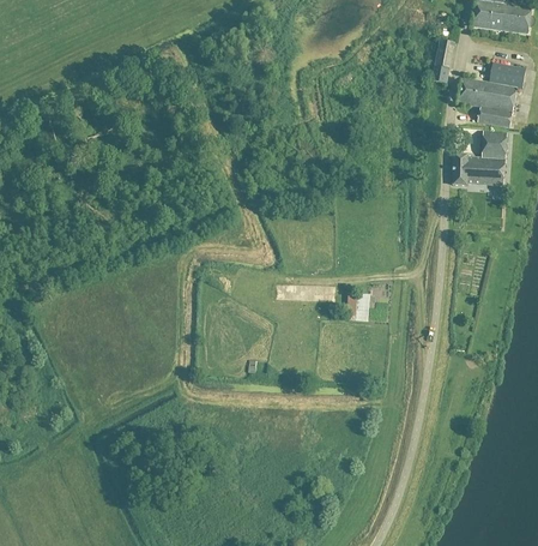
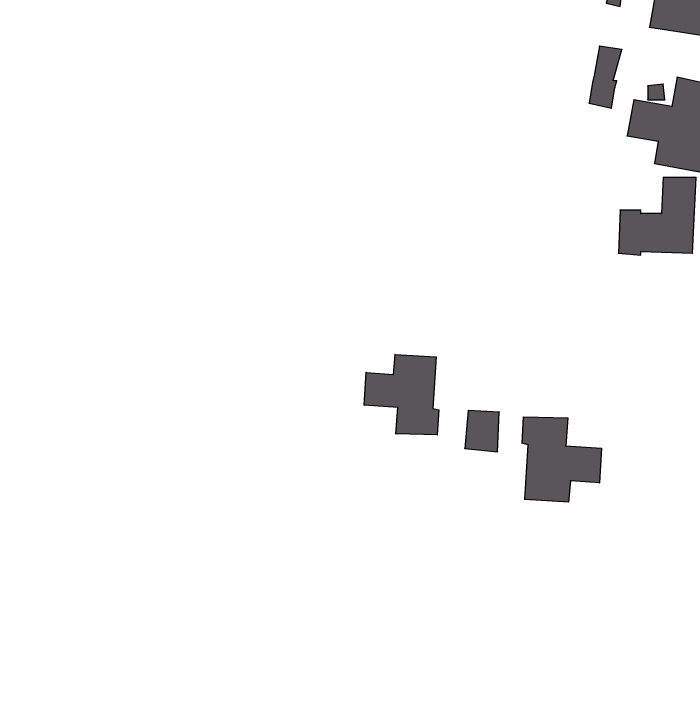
building: none -> [364,354,439,435]
building: none -> [522,417,601,502]

